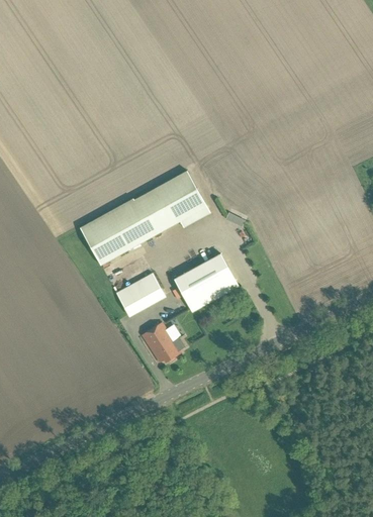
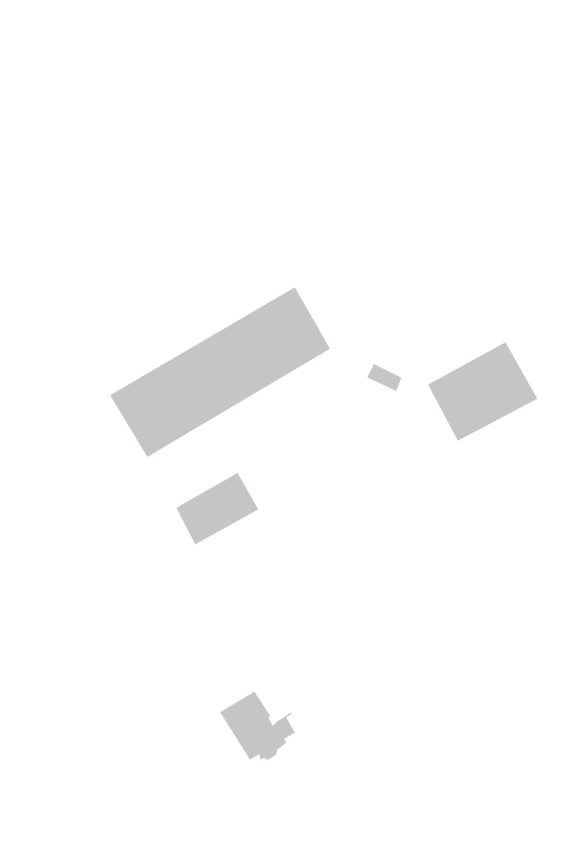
building: [175,254,238,311] -> [427,342,538,442]
building: [142,323,185,363] -> [219,691,296,760]

